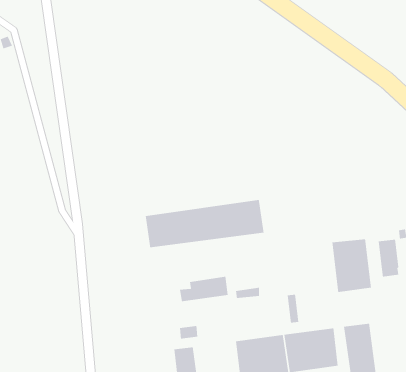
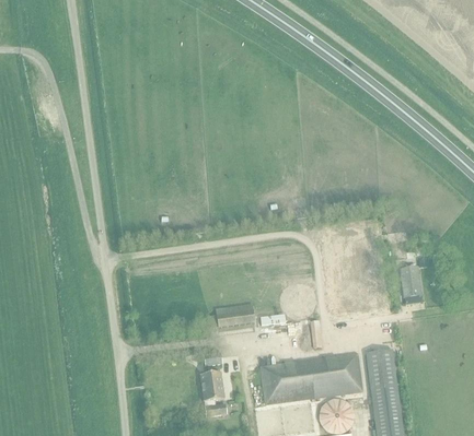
building: [145,199,264,248] -> none
building: [332,238,371,293] -> none

